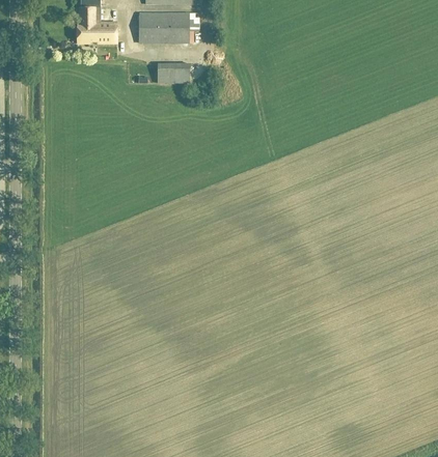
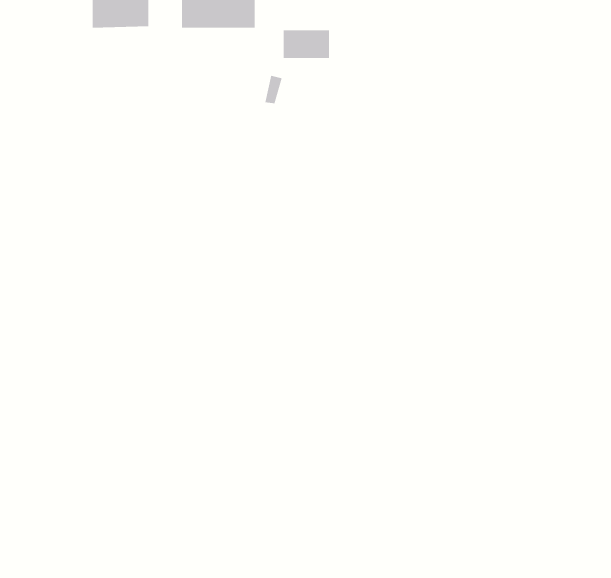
building: [158,62,190,82] -> [283,30,330,59]

